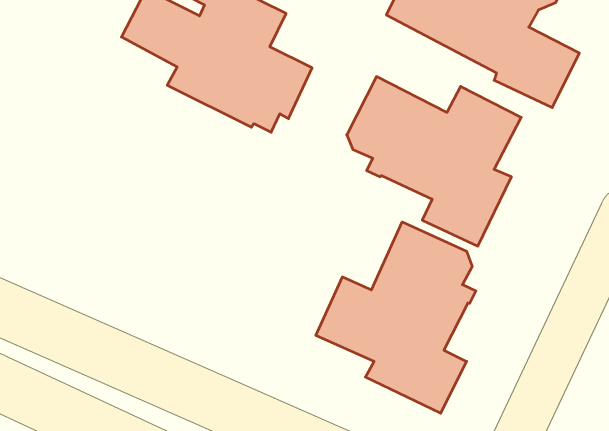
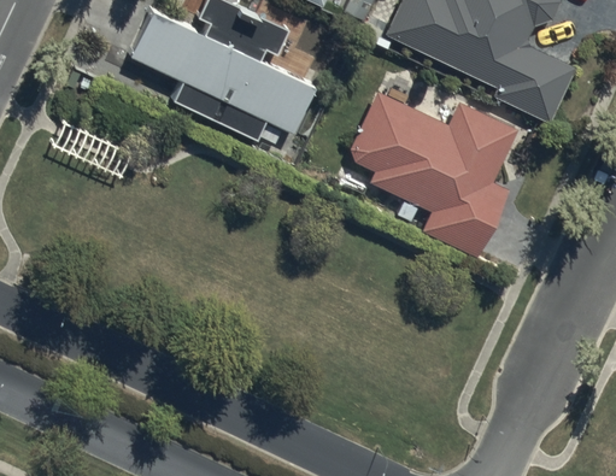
building: [316,222,476,413] -> none

